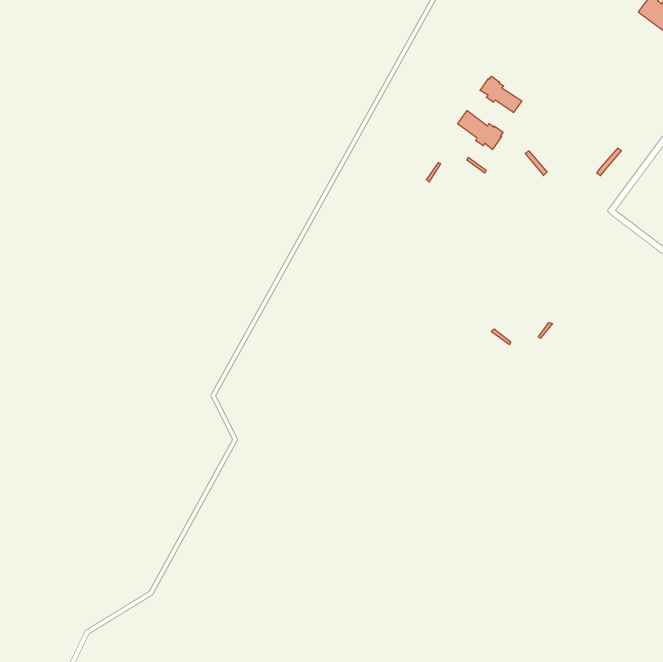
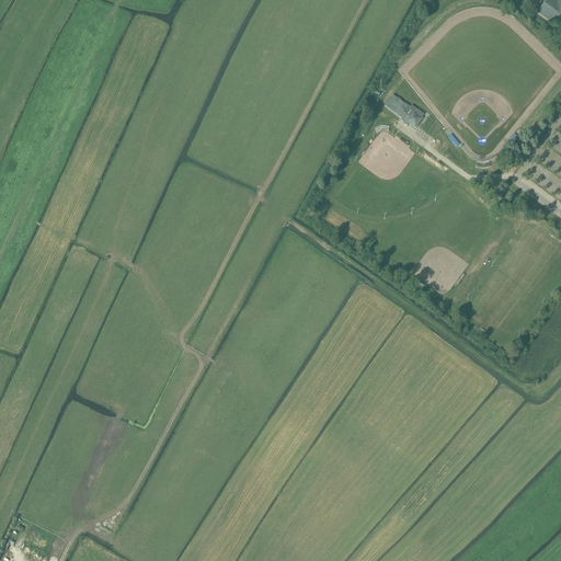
building: [480,76,522,113] -> none

